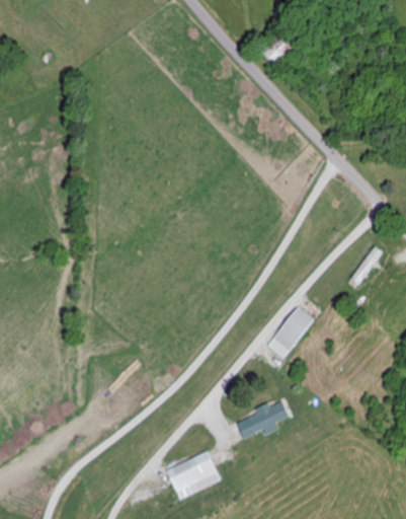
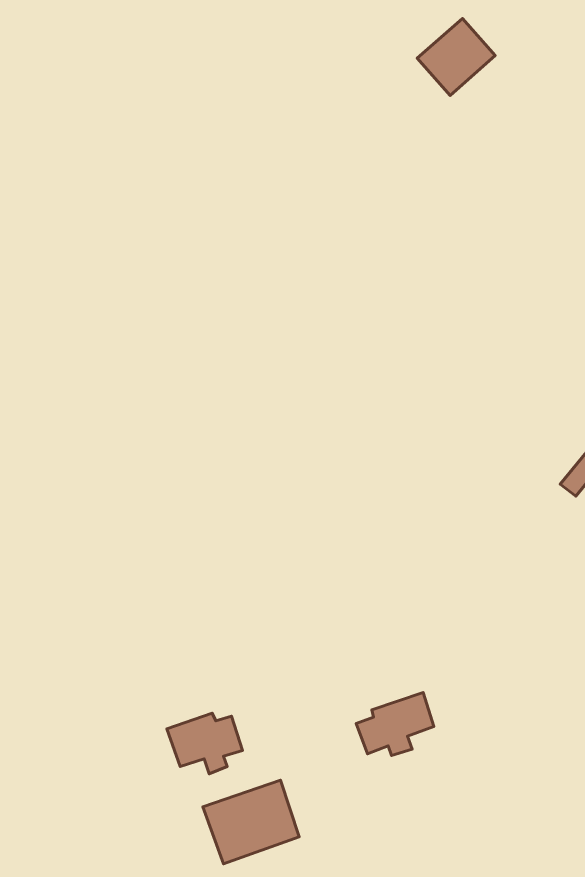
building: [267,307,314,360] -> none
building: none -> [167,713,243,774]

